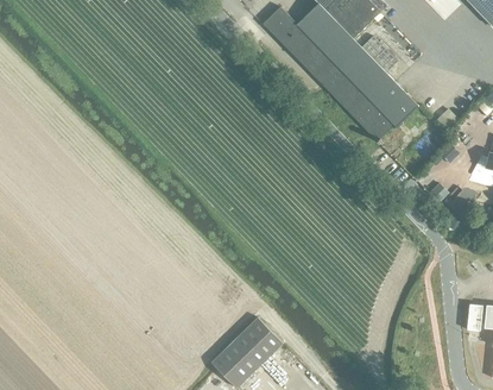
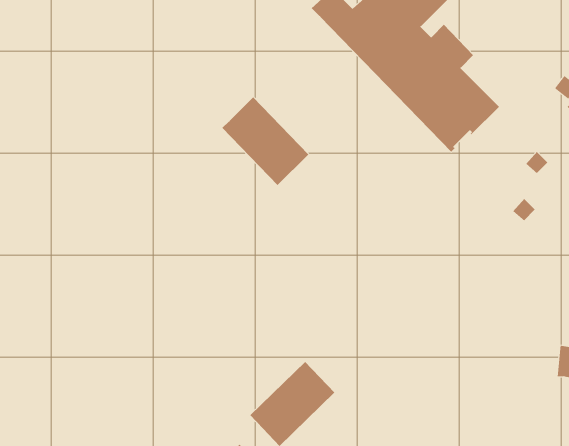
building: none -> [221,97,309,186]

